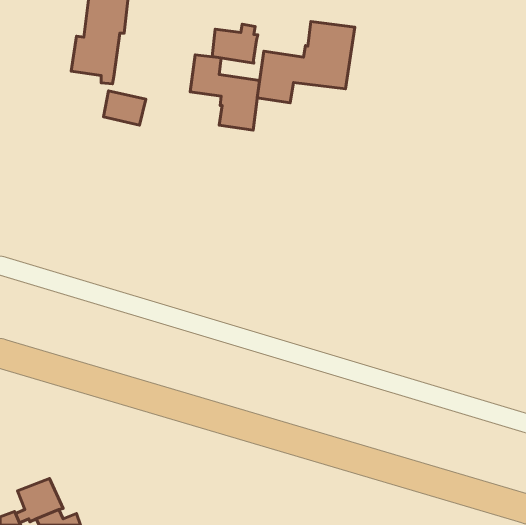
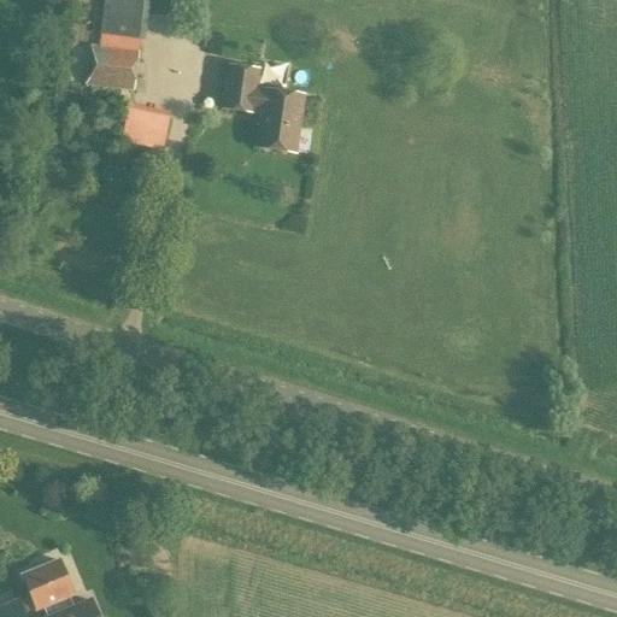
building: [257,22,355,103] -> none
building: [212,24,258,63] -> none

